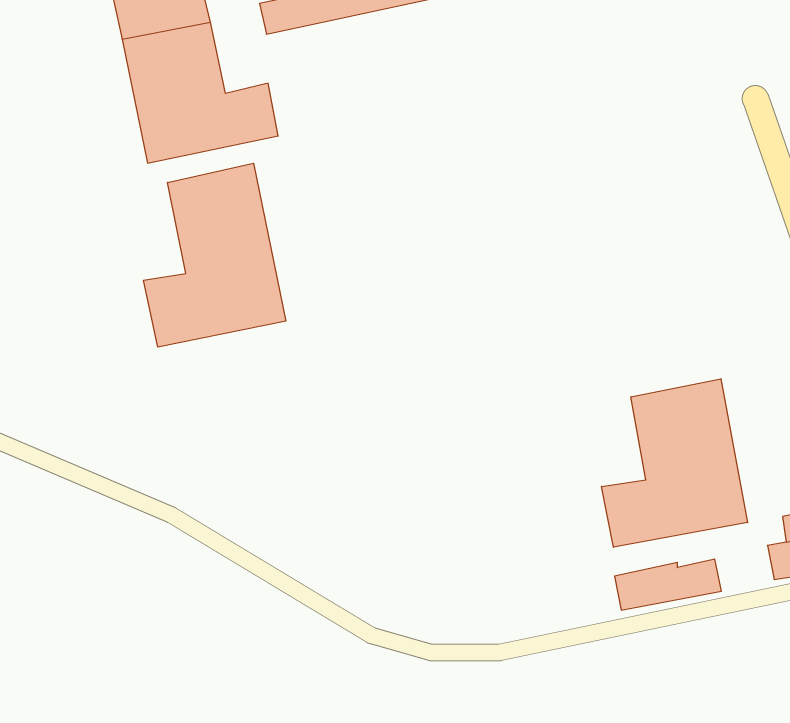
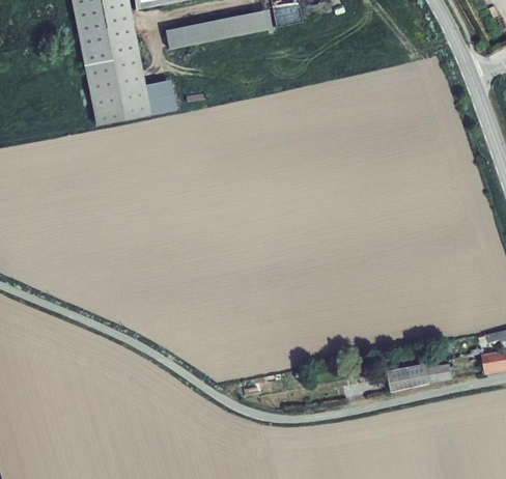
building: [144,163,286,347] -> none
building: [602,379,748,547] -> none

